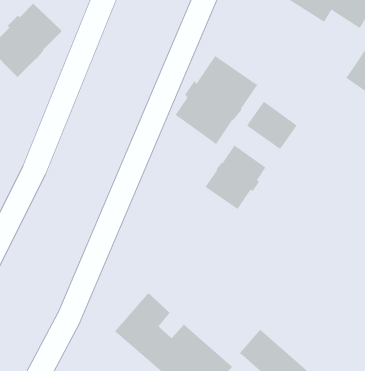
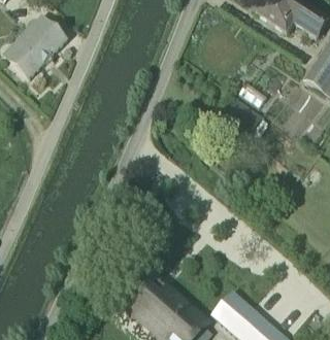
building: [175,55,258,145] -> none
building: [205,145,266,210] -> none

